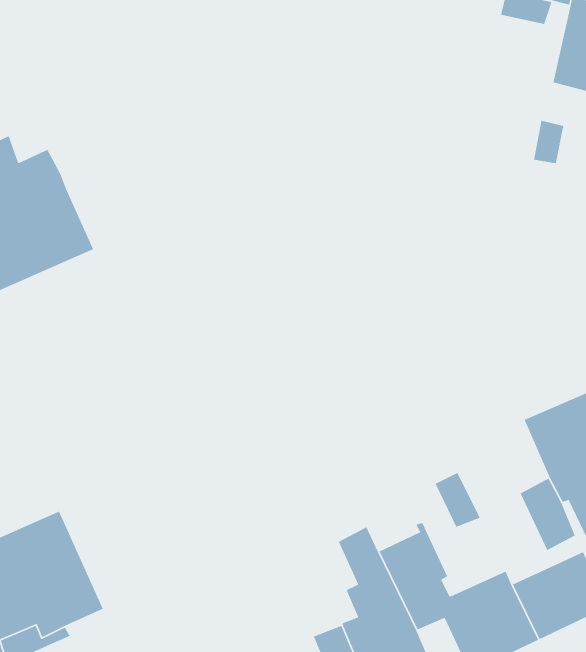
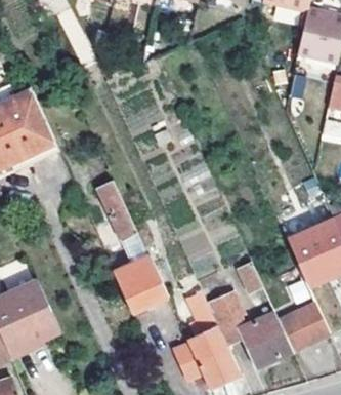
building: none -> [97,177,167,309]

